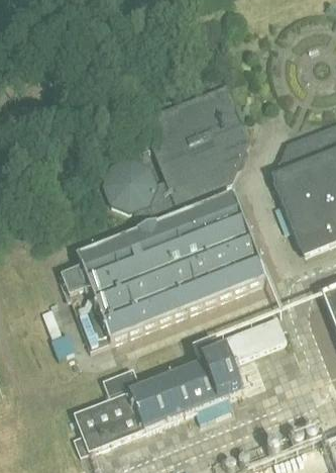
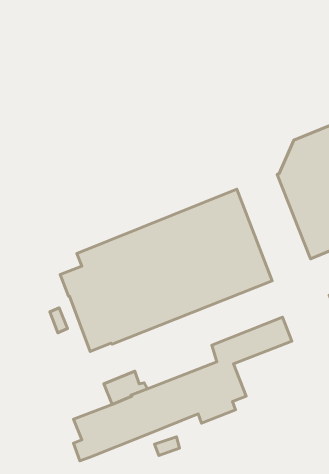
building: [102,81,250,219] -> none

